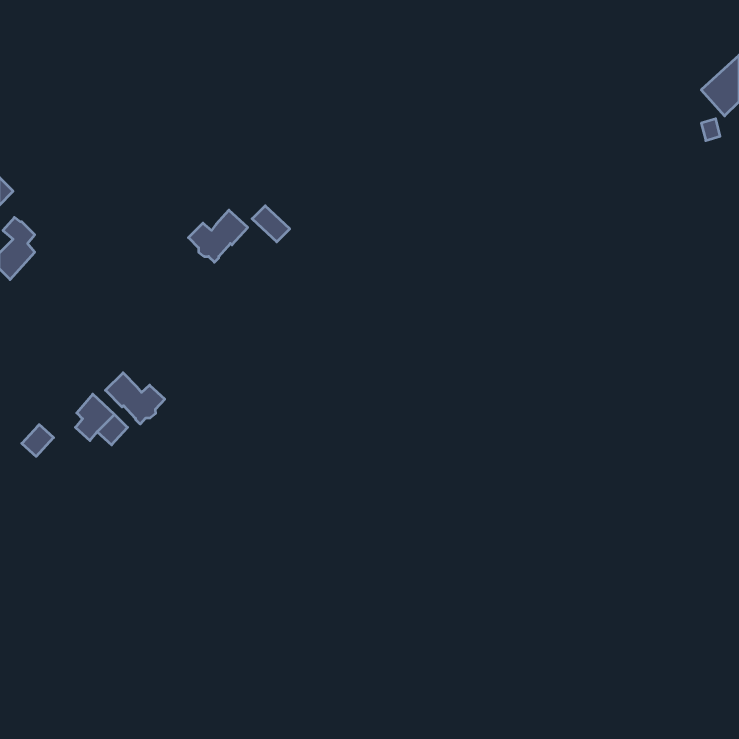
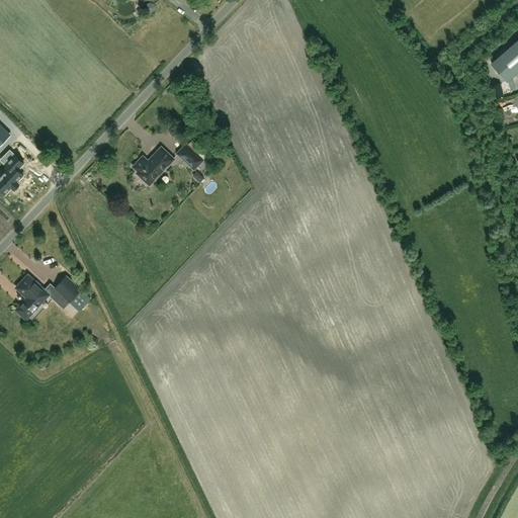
building: [105,373,165,424] -> none
building: none -> [15,275,48,307]

